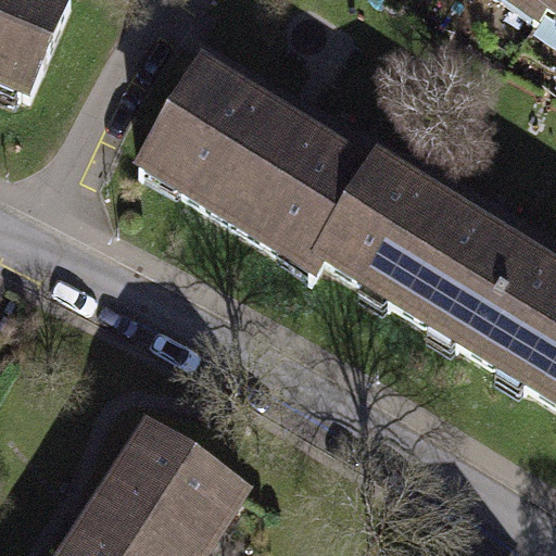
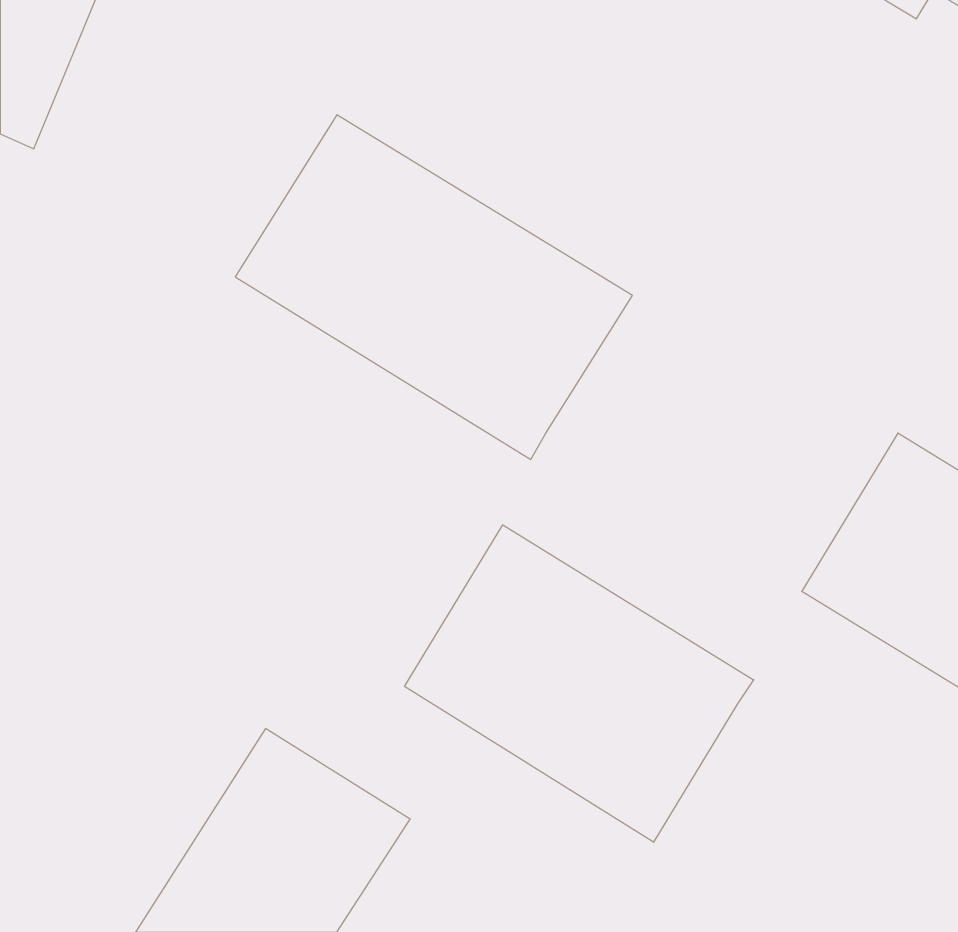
building: [317,160,520,341] -> none
building: none -> [405,525,754,842]

